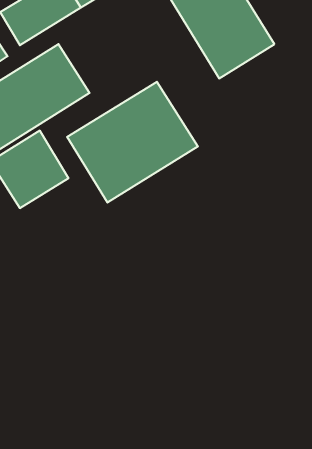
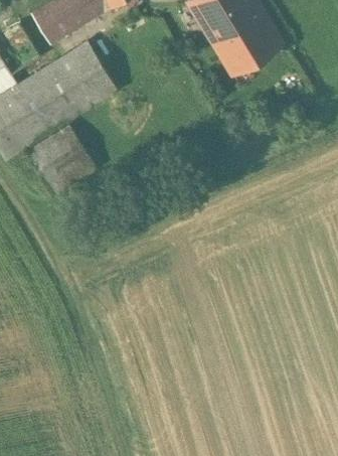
building: [67,82,198,203] -> none

